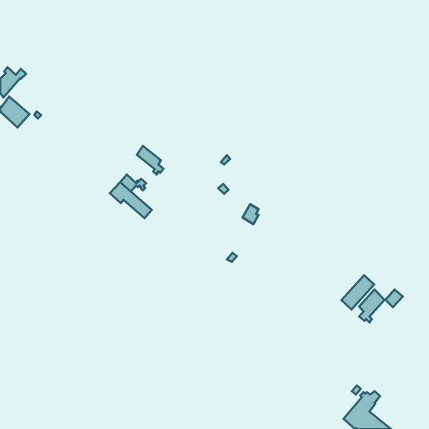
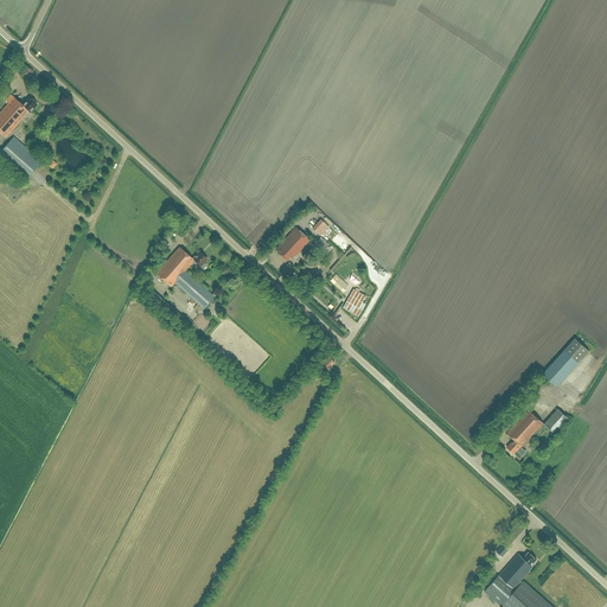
building: [137,146,164,174] -> none
building: none -> [276,228,309,261]
building: [341,275,374,310] -> [543,338,589,386]

